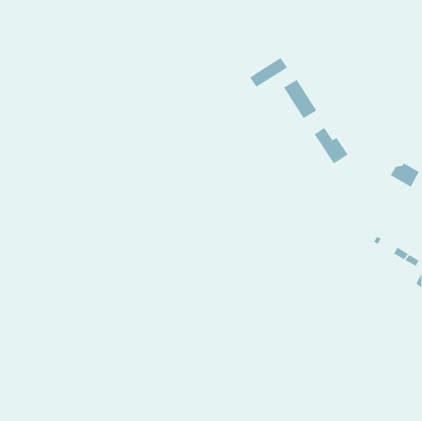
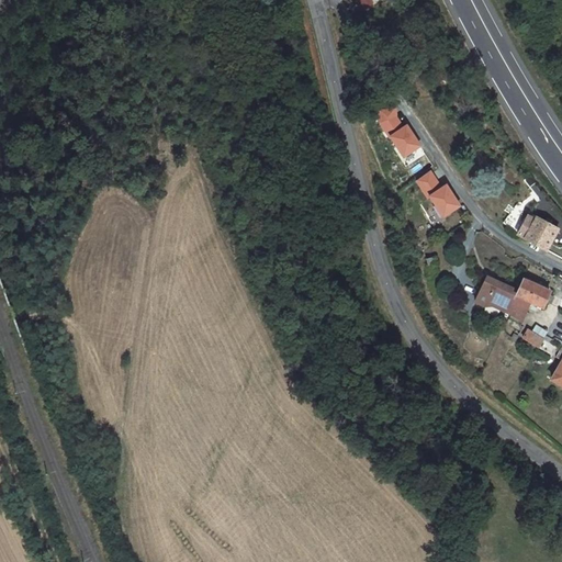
building: [249,57,288,87] -> none
building: none -> [474,276,550,319]

